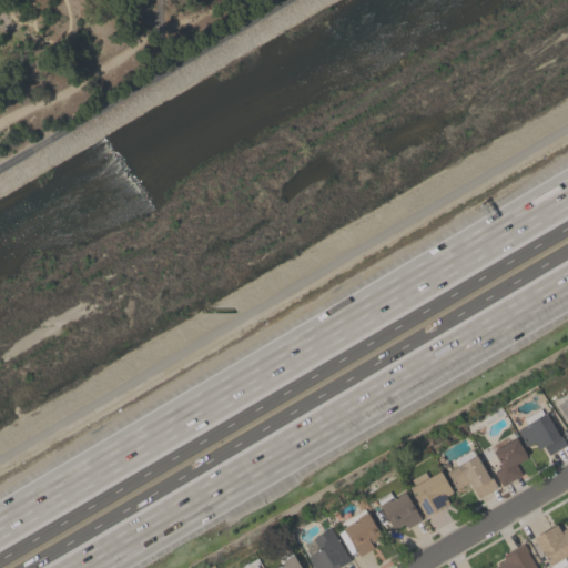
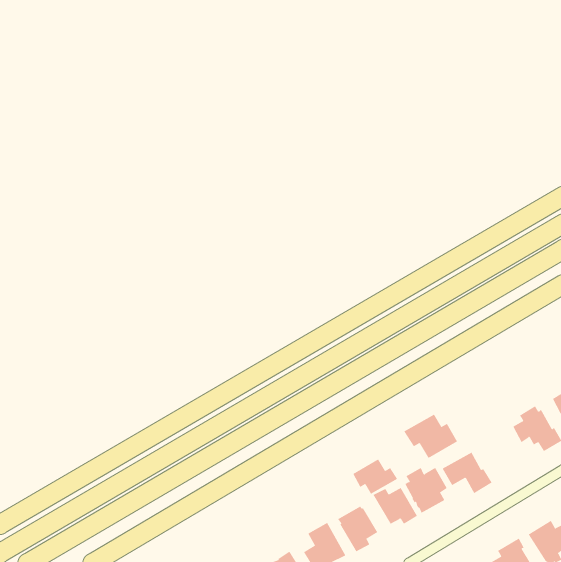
building: none -> [403,414,458,459]
building: [494,438,528,487] -> none
building: none -> [352,459,398,494]

